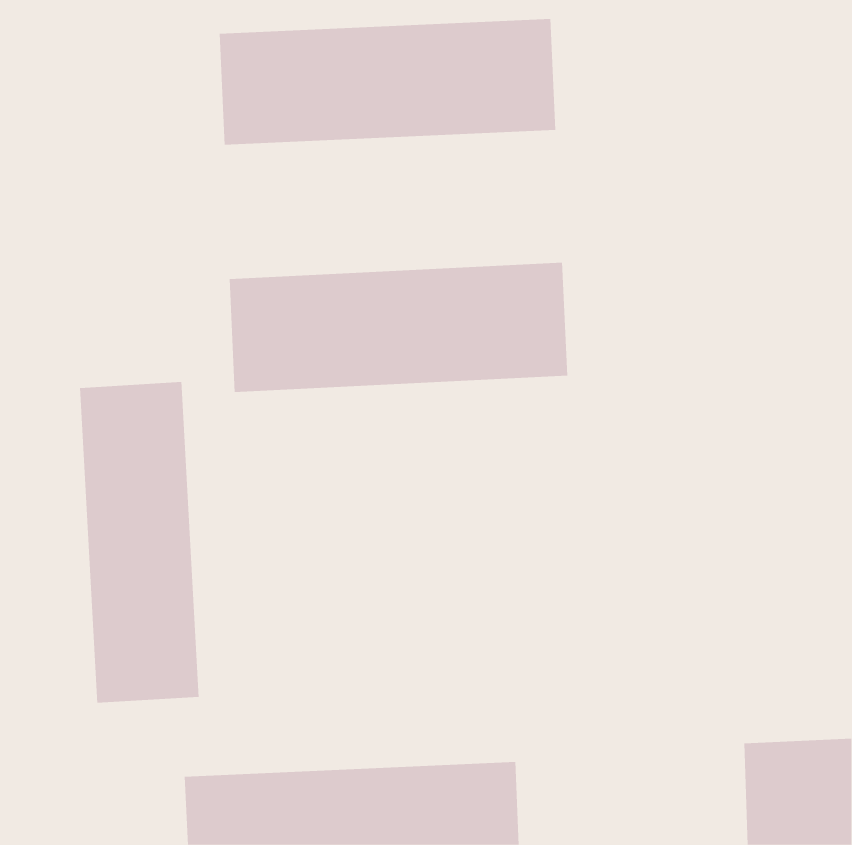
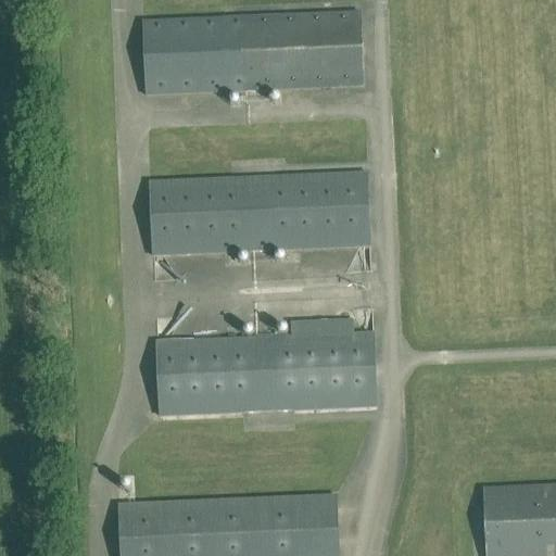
building: [80,381,199,704] -> none
building: none -> [155,314,377,416]

